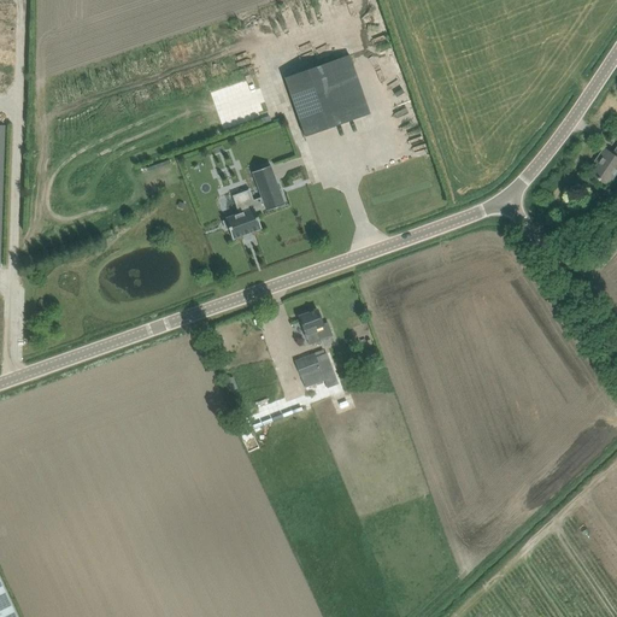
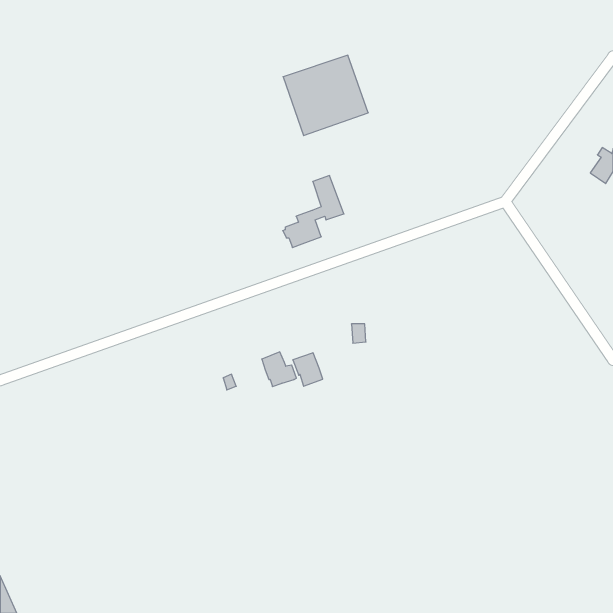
building: [223,166,284,239] -> [283,176,344,248]
building: [299,310,334,345] -> [262,352,296,387]

